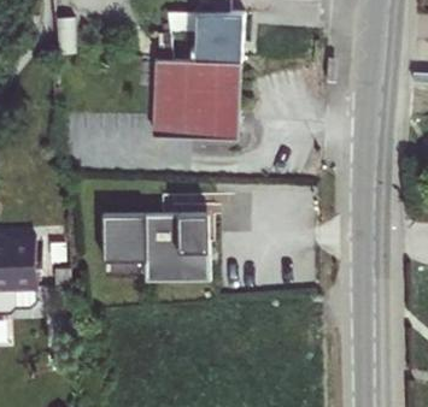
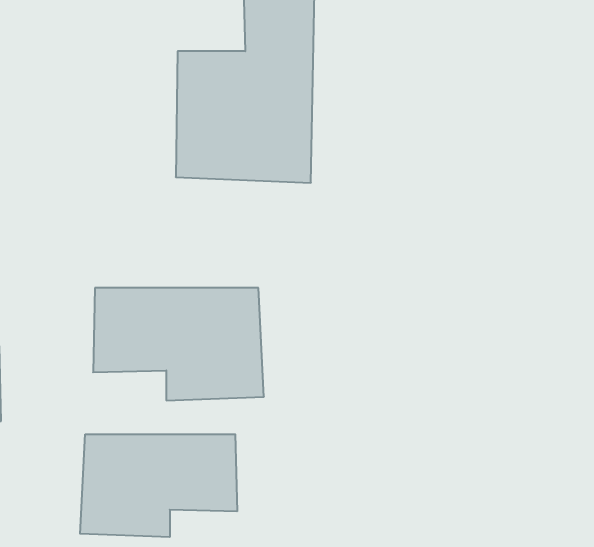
building: none -> [80,434,237,537]

